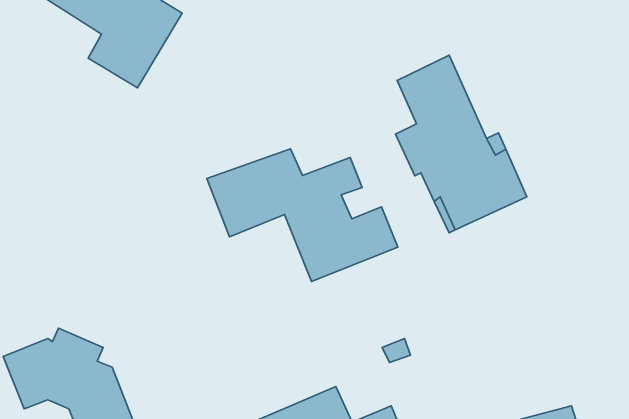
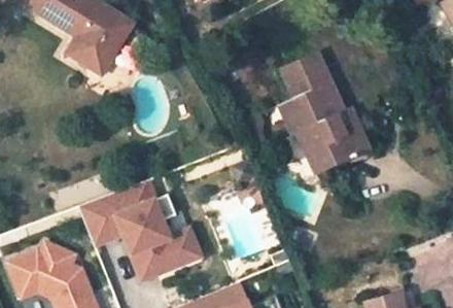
building: [207,149,398,282] -> [80,184,212,276]

